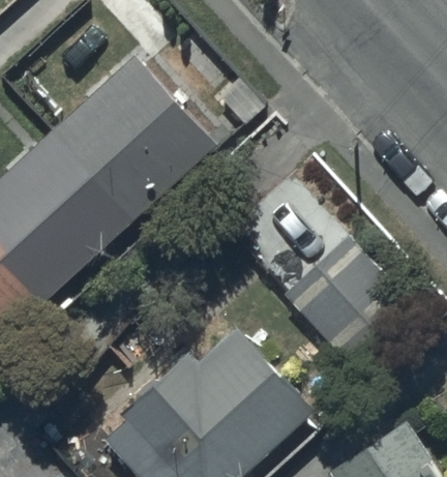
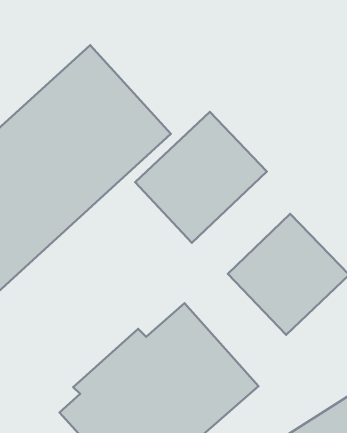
building: none -> [135,112,267,243]

